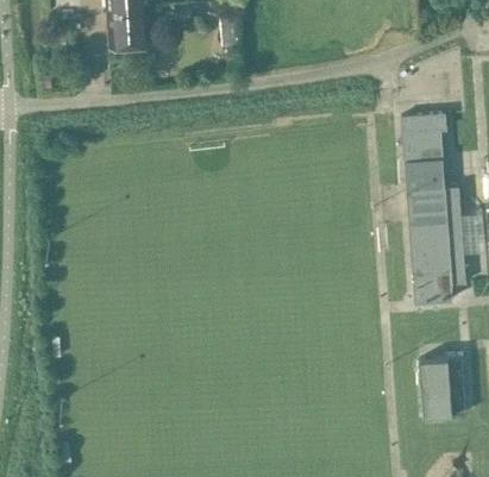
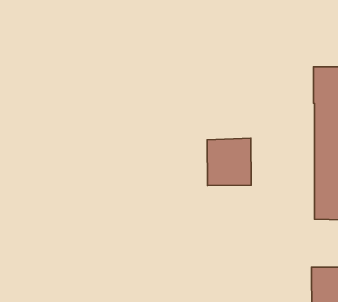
building: none -> [207,138,251,185]

